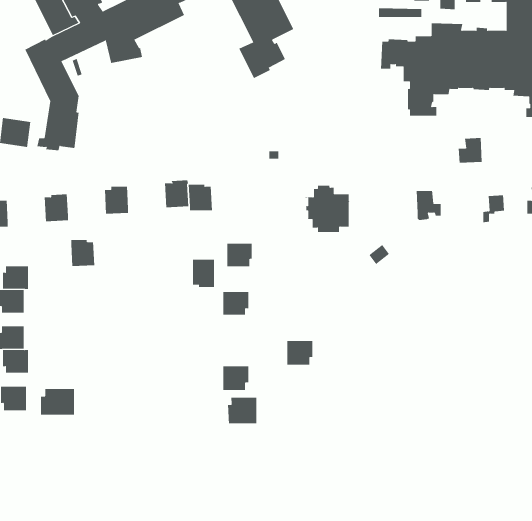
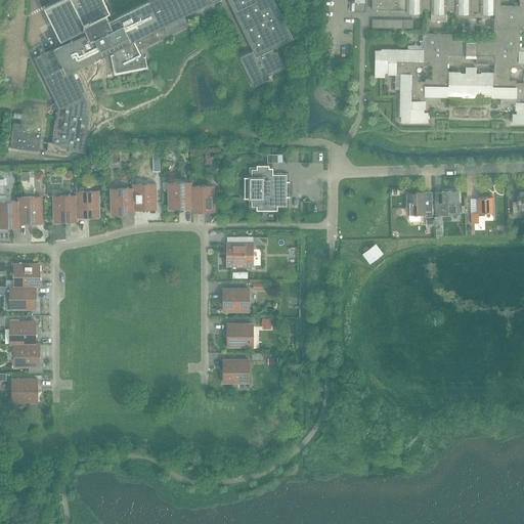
building: [458,137,483,163] -> [435,189,458,214]
building: none -> [133,182,157,209]
building: [304,185,352,232] -> [244,165,289,210]
building: none -> [18,195,42,222]
building: [70,240,95,266] -> [76,190,99,216]
building: [192,259,215,288] -> none
building: [286,340,313,365] -> [227,322,253,346]
building: [41,388,75,416] -> none
building: [228,397,257,424] -> none

